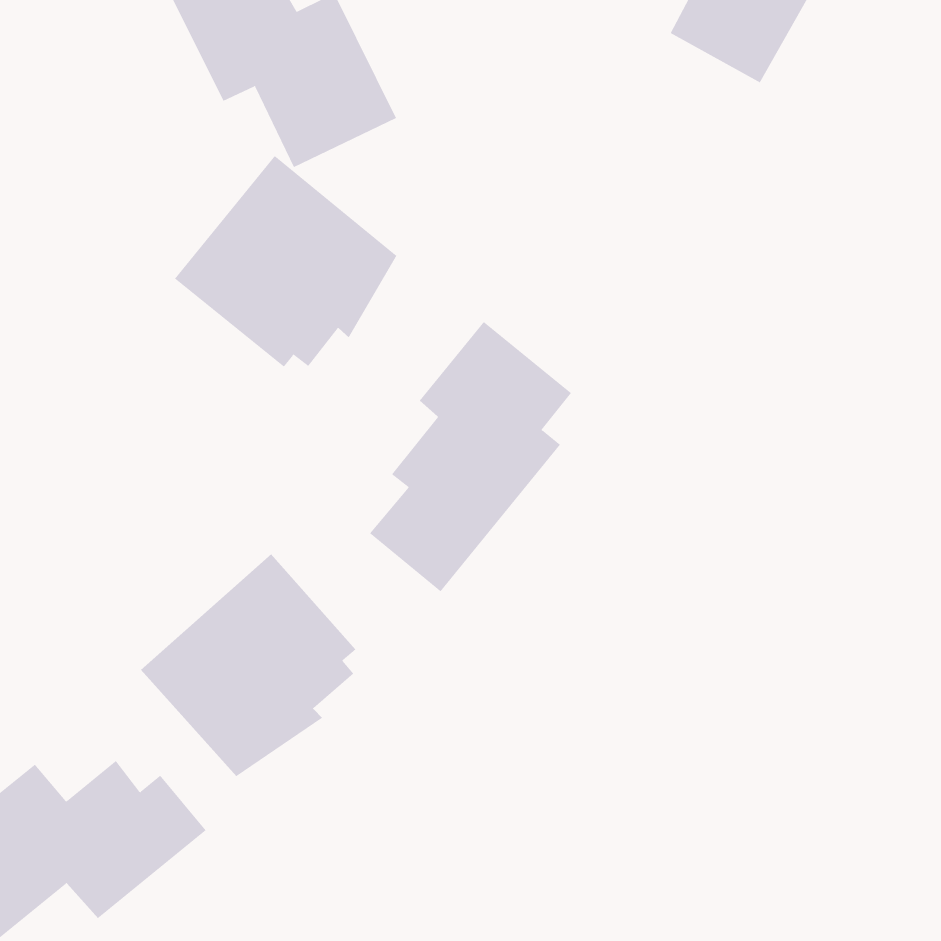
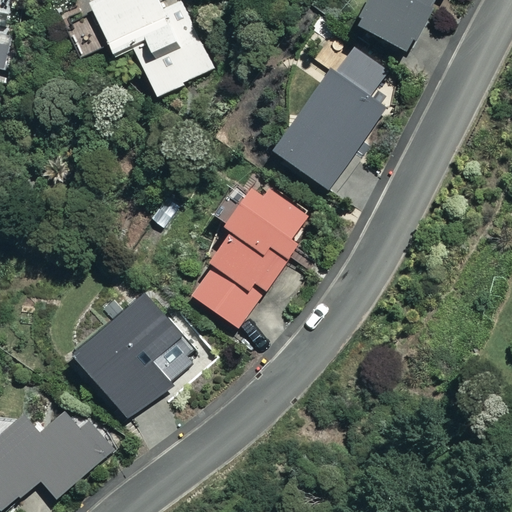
building: none -> [269,47,385,190]
building: [174,155,397,368] -> none

